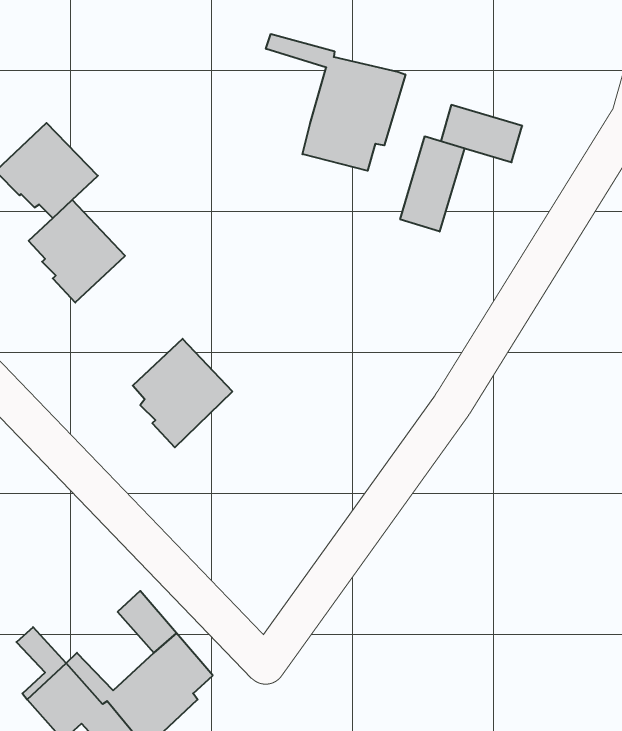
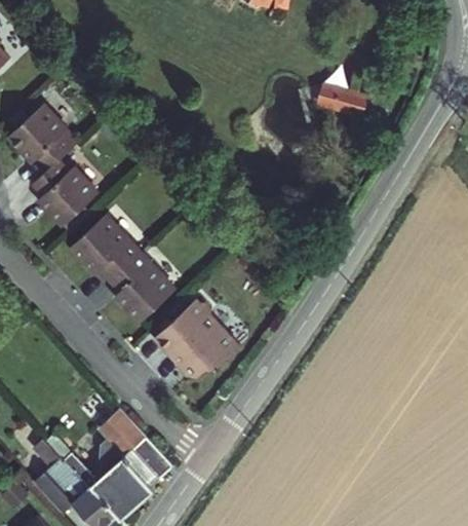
building: [266,34,405,171] -> none
building: [400,136,464,232] -> none
building: none -> [68,209,142,277]
building: none -> [153,294,239,372]

